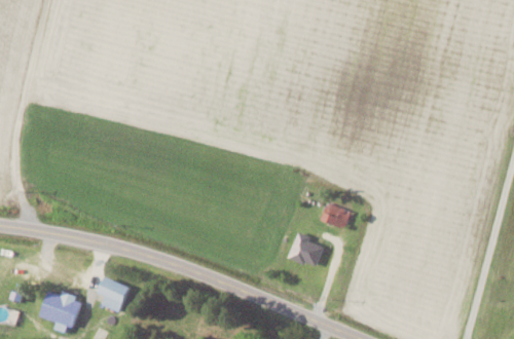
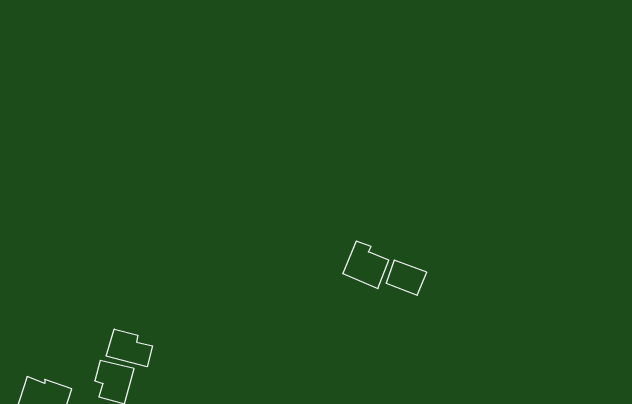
building: [288,232,323,268] -> [343,241,389,289]
building: none -> [106,329,153,367]

